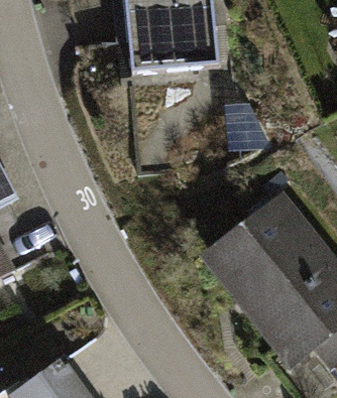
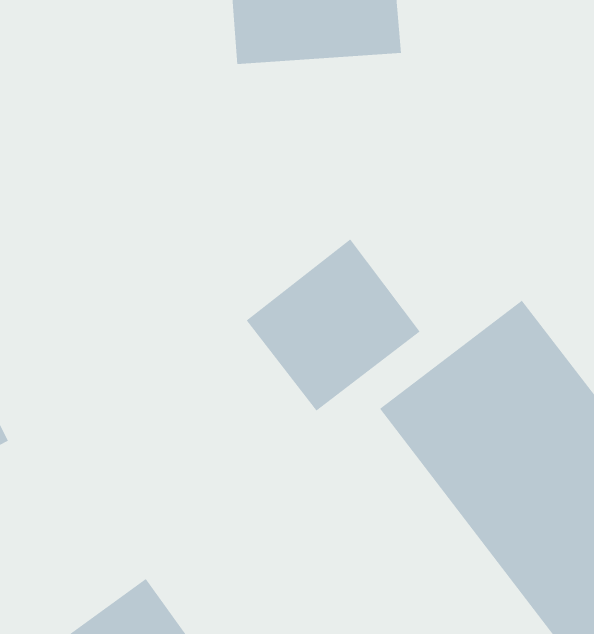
building: none -> [246,239,421,411]

